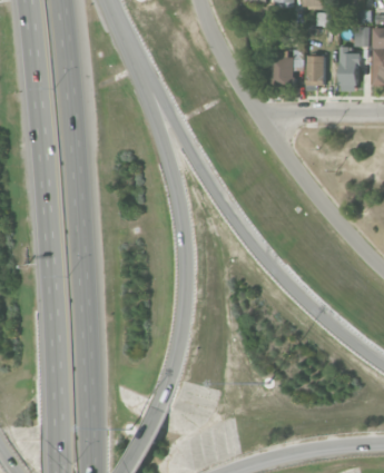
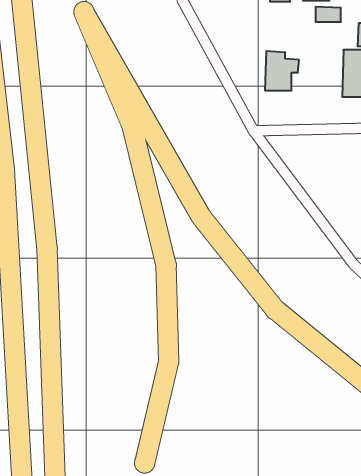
building: [305,55,324,86] -> none

